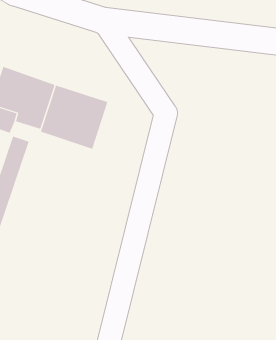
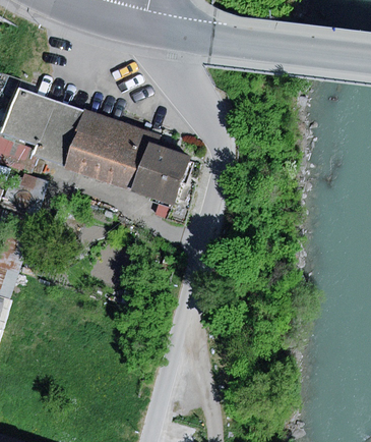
building: none -> [128,140,188,205]

